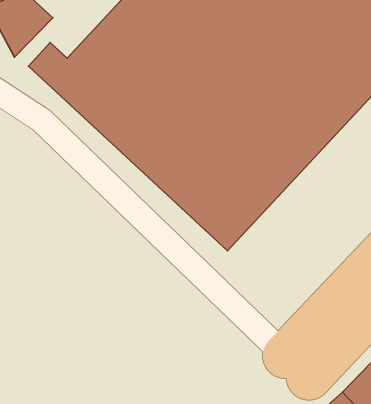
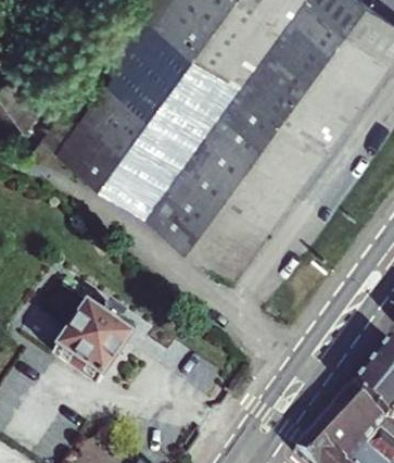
building: none -> [54,305,129,380]

